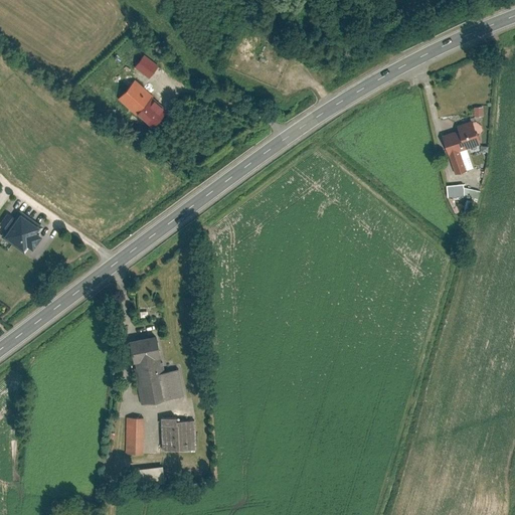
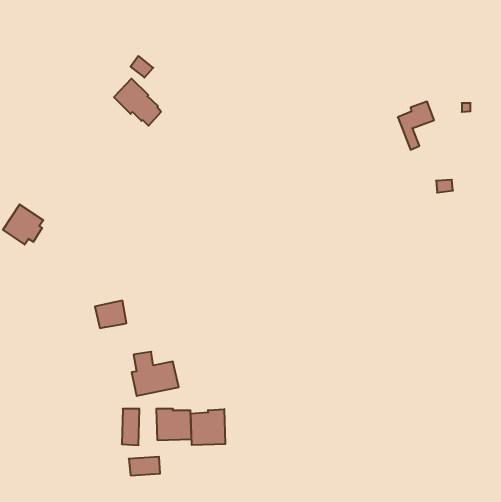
building: [443,126,480,175] -> [398,102,434,150]
building: [128,336,160,364] -> [95,301,126,328]
building: none -> [191,409,225,445]

